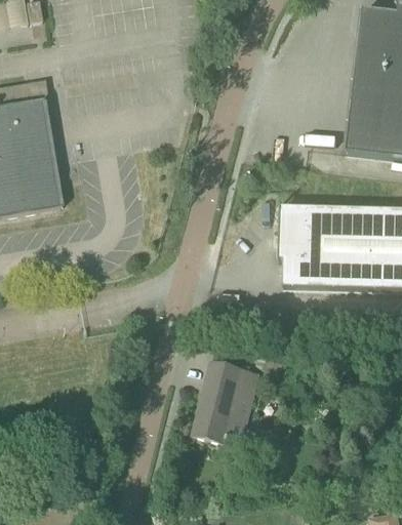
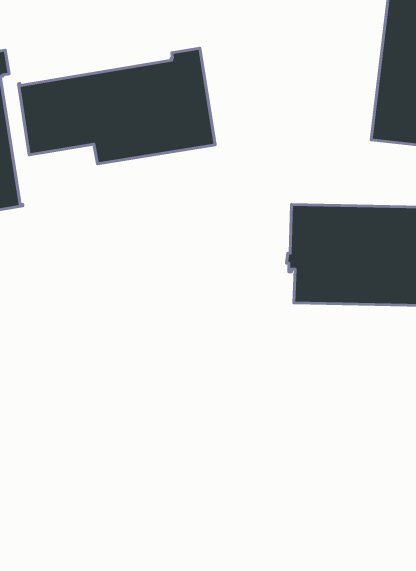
building: none -> [18,48,215,164]
building: [193,358,260,445] -> none

